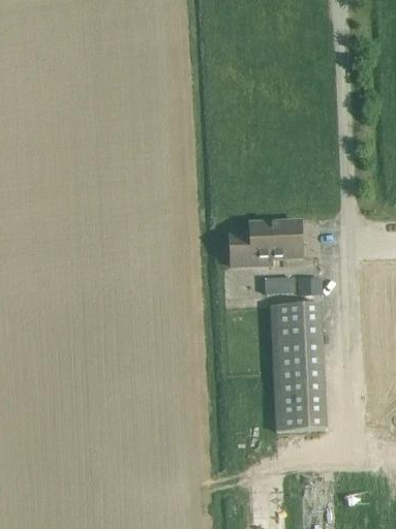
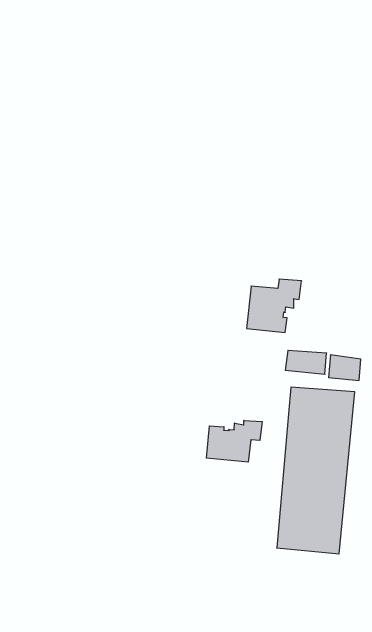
building: [258,221,303,264] -> none
building: none -> [206,420,262,462]

